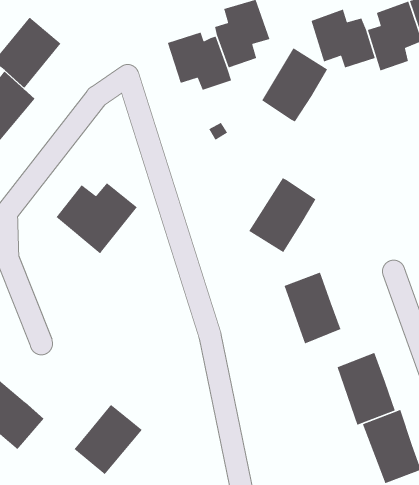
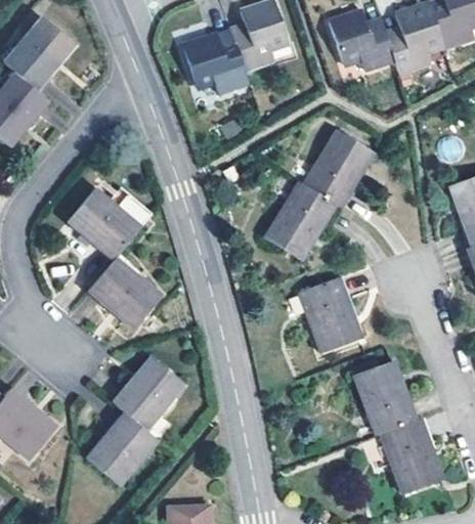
building: [261,47,328,122] -> [304,129,373,206]
building: none -> [88,258,162,329]
building: none -> [113,356,185,430]

